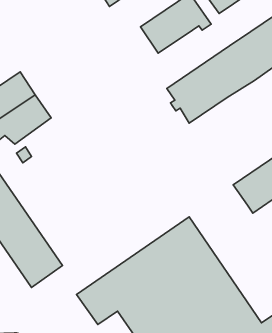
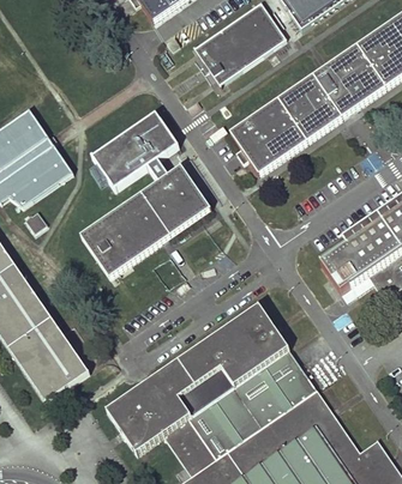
building: none -> [78,110,209,276]

